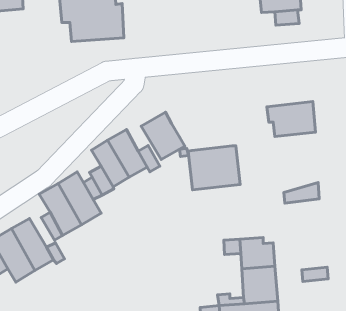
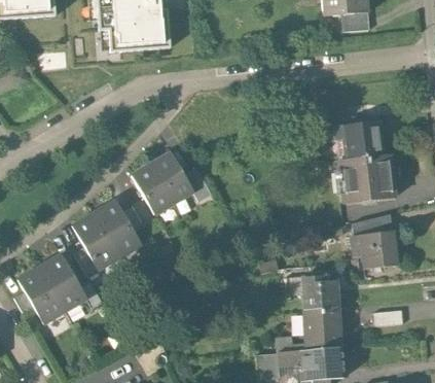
building: [141,112,185,159] -> none
building: [188,146,240,190] -> [337,153,397,204]
building: none -> [353,230,400,269]

